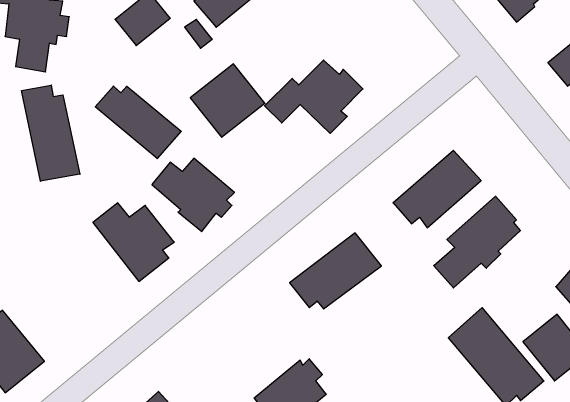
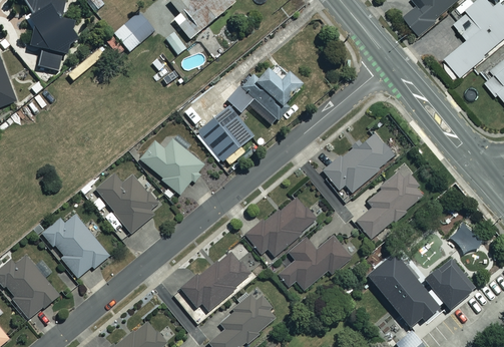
building: [190,64,265,137] -> [195,106,253,162]
building: [22,85,80,181] -> none
building: [95,86,181,159] -> none
building: none -> [41,214,109,278]
building: none -> [278,237,351,290]
building: none -> [182,250,249,312]

